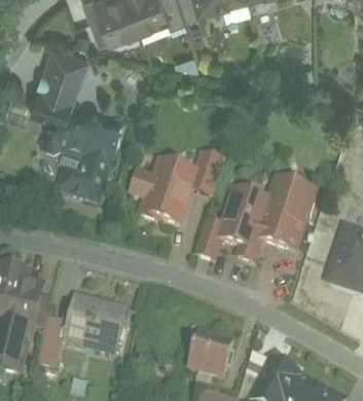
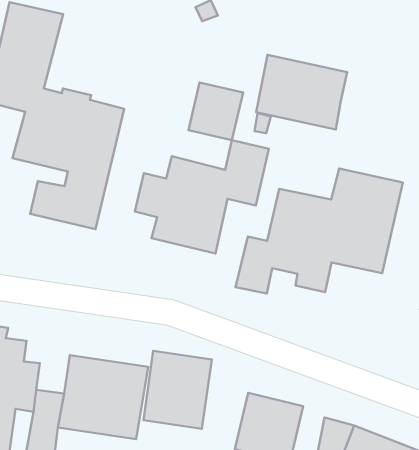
building: none -> [256,55,347,130]
building: none -> [188,83,243,140]
building: none -> [143,351,212,429]

